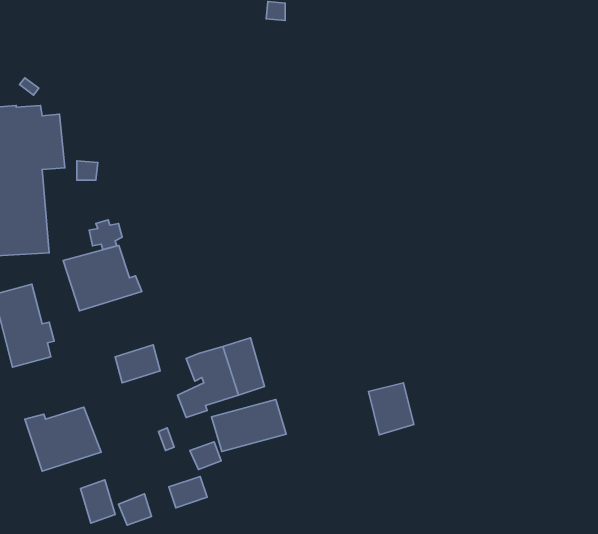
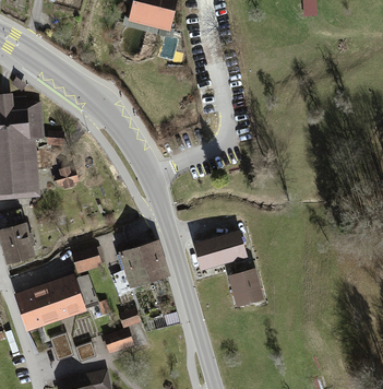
building: [63,245,142,311] -> none
building: none -> [53,278,98,317]
building: [212,399,286,451] -> [196,236,243,269]

